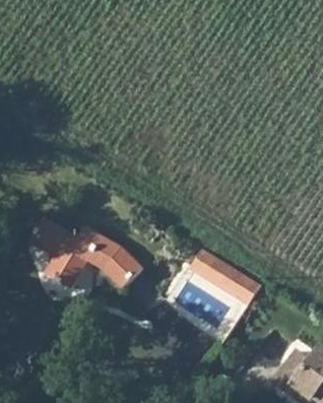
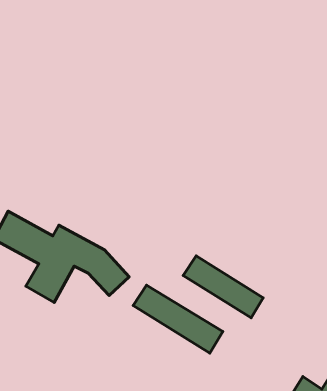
building: none -> [133,285,223,353]

